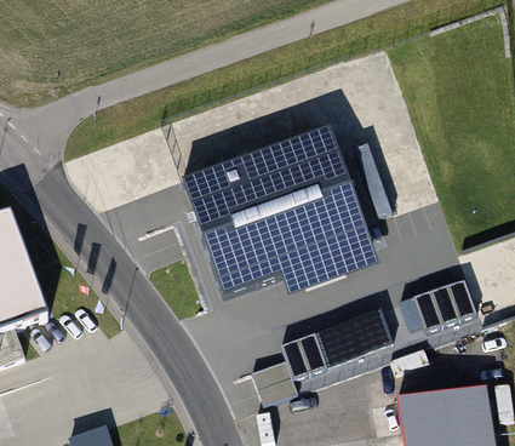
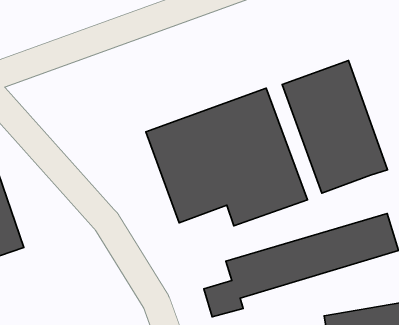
building: none -> [282,61,388,193]

